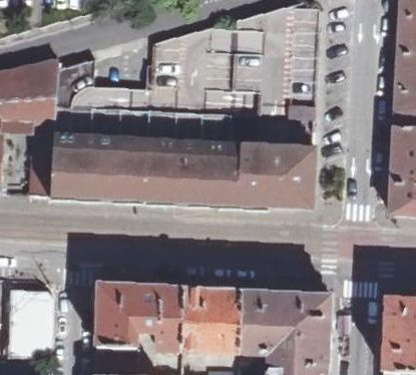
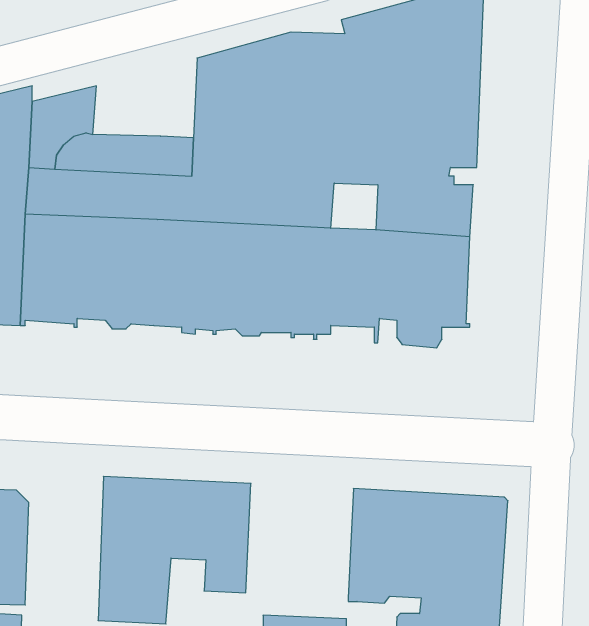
building: [180,288,243,354] -> none

